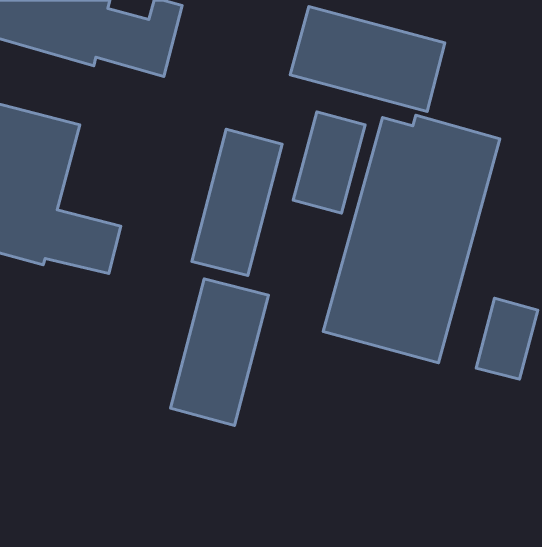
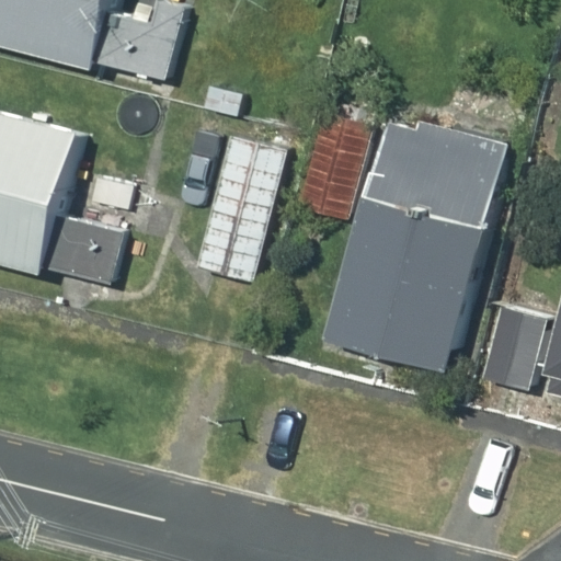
building: [290,7,445,111] -> none
building: [171,279,268,425] -> none

